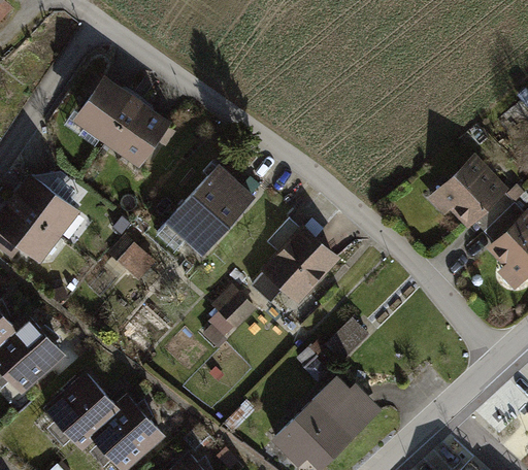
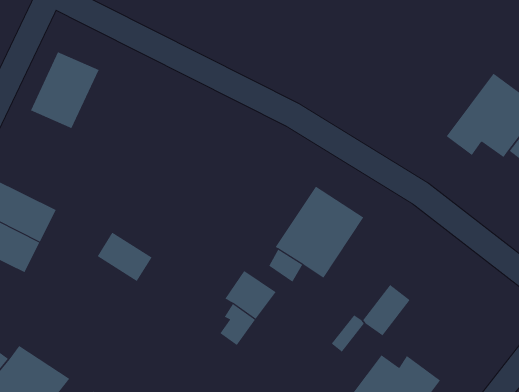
building: [104,96,170,166] -> none
building: [160,157,260,258] -> none

